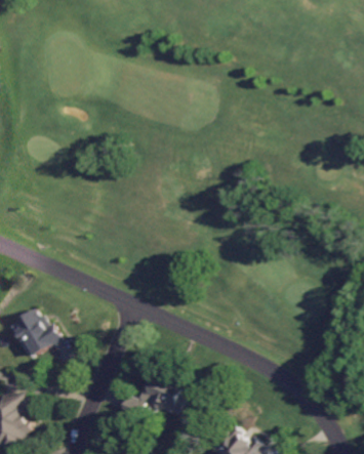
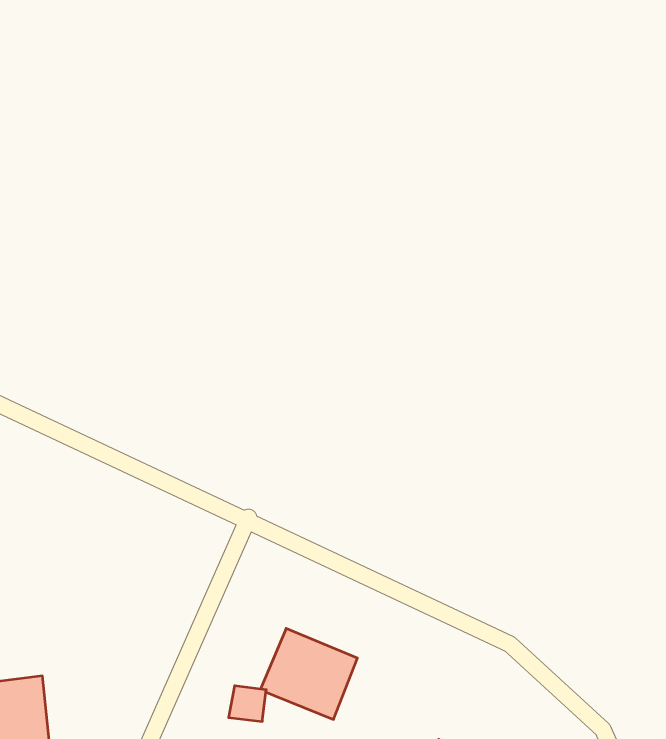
building: [11,309,59,358] -> none

